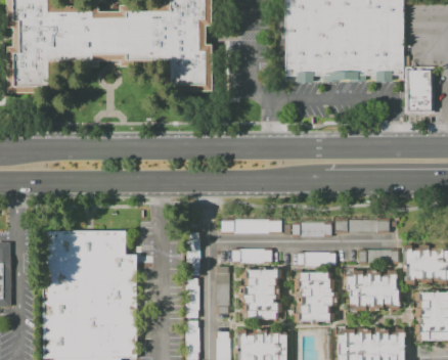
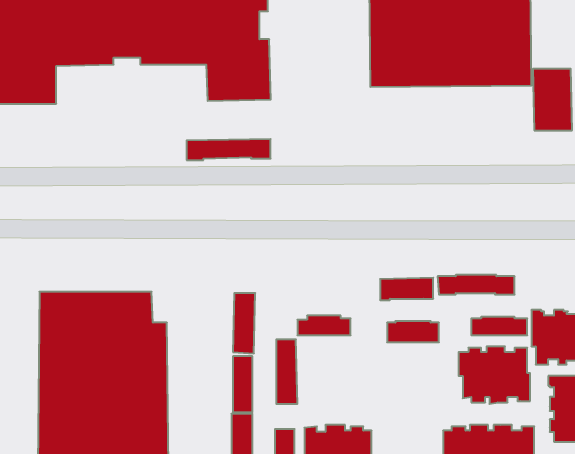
building: [221,219,282,234] -> [187,139,271,160]
building: [238,269,282,319] -> none
building: [298,272,341,322] -> none

